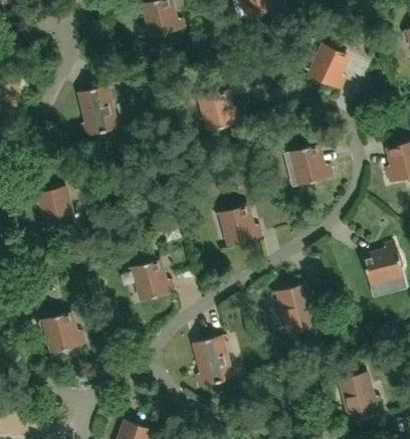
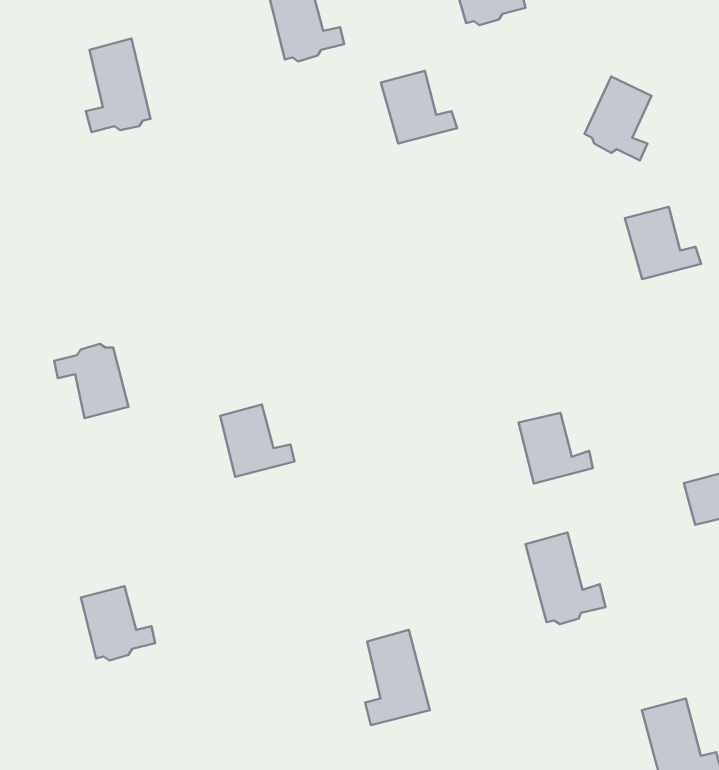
building: [79,86,114,136] -> [86,39,151,132]
building: [201,91,241,130] -> [381,71,457,143]
building: [292,146,333,184] -> [625,207,701,279]
building: [222,207,261,244] -> [518,413,593,483]
building: [135,261,174,299] -> [220,404,294,477]

